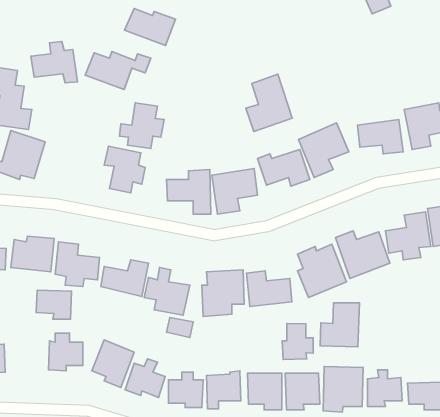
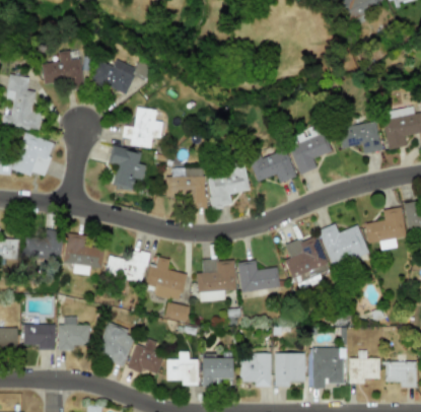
building: [124,8,175,46] -> none
building: [246,74,292,131] -> none
building: [36,290,72,319] -> [23,324,56,350]
building: [320,303,359,347] -> none
building: [282,323,313,360] -> none

